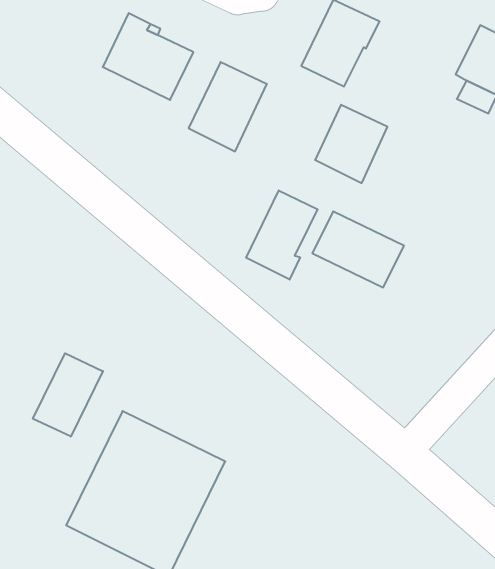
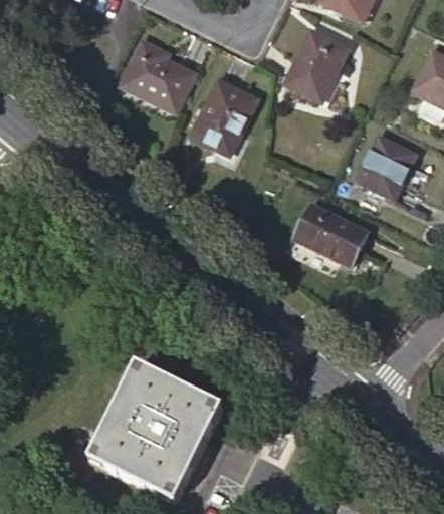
building: [315,105,387,183] -> [357,135,416,199]
building: [246,190,318,280] -> none
building: [33,353,103,437] -> none

